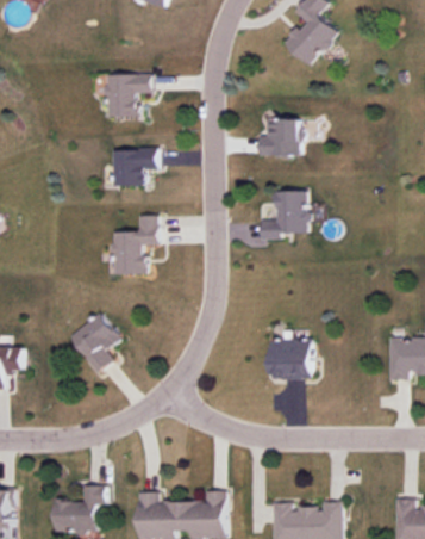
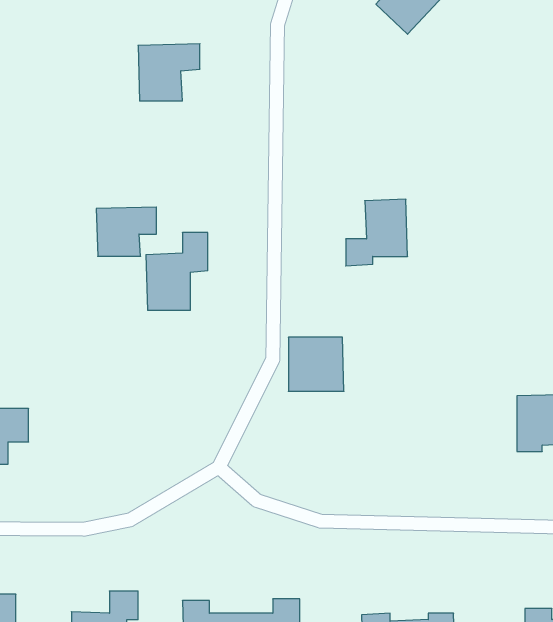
building: [260,118,301,155] -> none
building: [112,148,157,185] -> [96,207,156,256]
building: [68,312,119,372] -> none
building: [270,337,312,378] -> [288,337,344,391]

